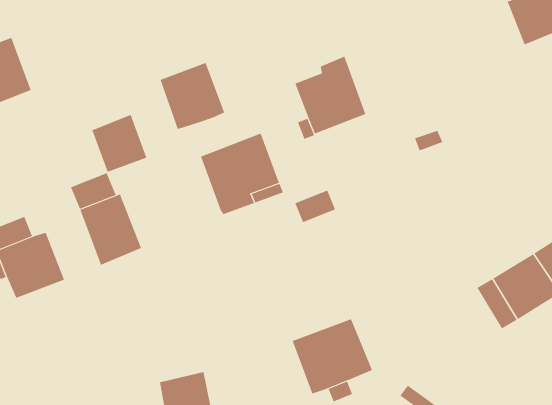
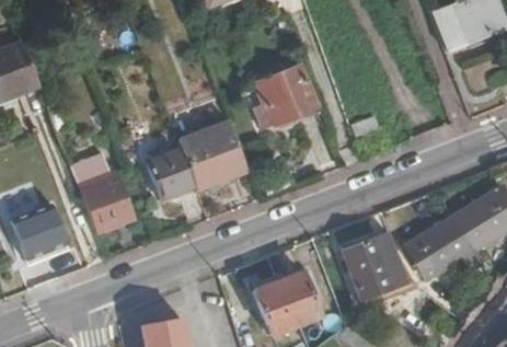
building: [160,62,225,130] -> none
building: [91,114,147,173] -> [148,149,194,197]
building: none -> [344,239,397,301]

